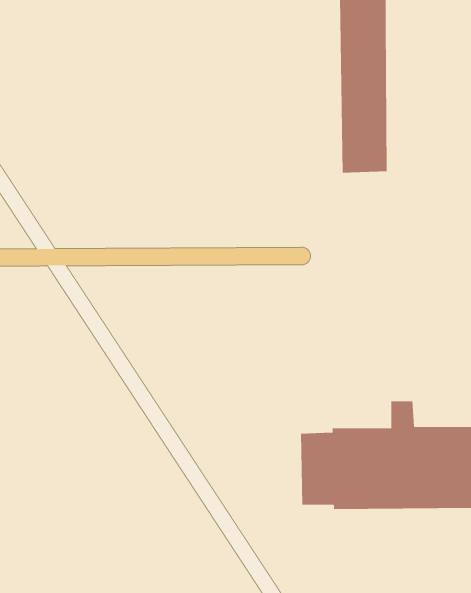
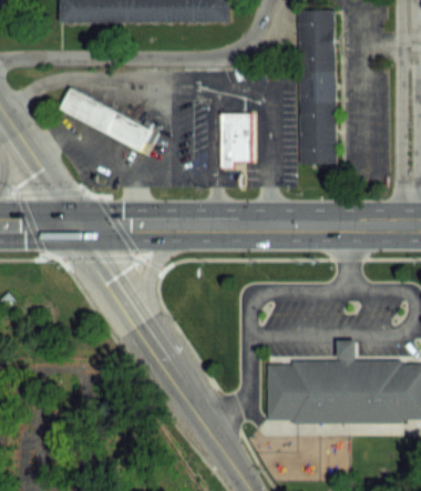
building: none -> [61,88,151,150]
building: none -> [220,112,251,167]

